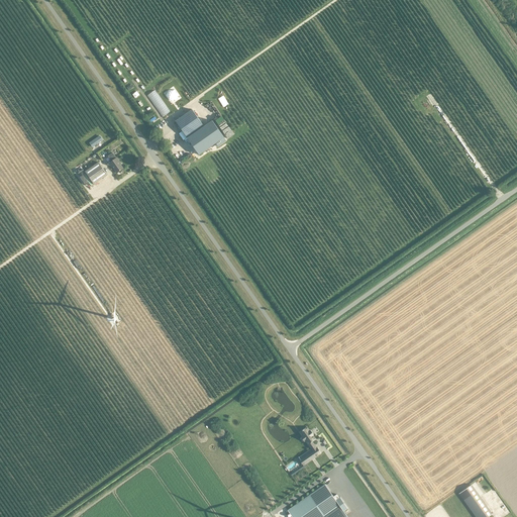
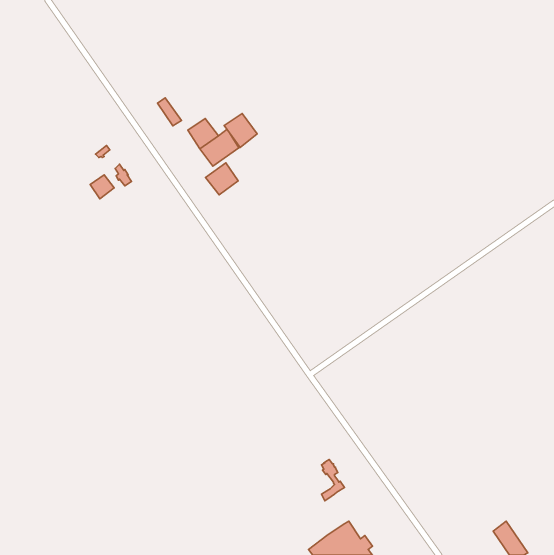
building: none -> [224,113,257,147]
building: none -> [205,163,238,195]

